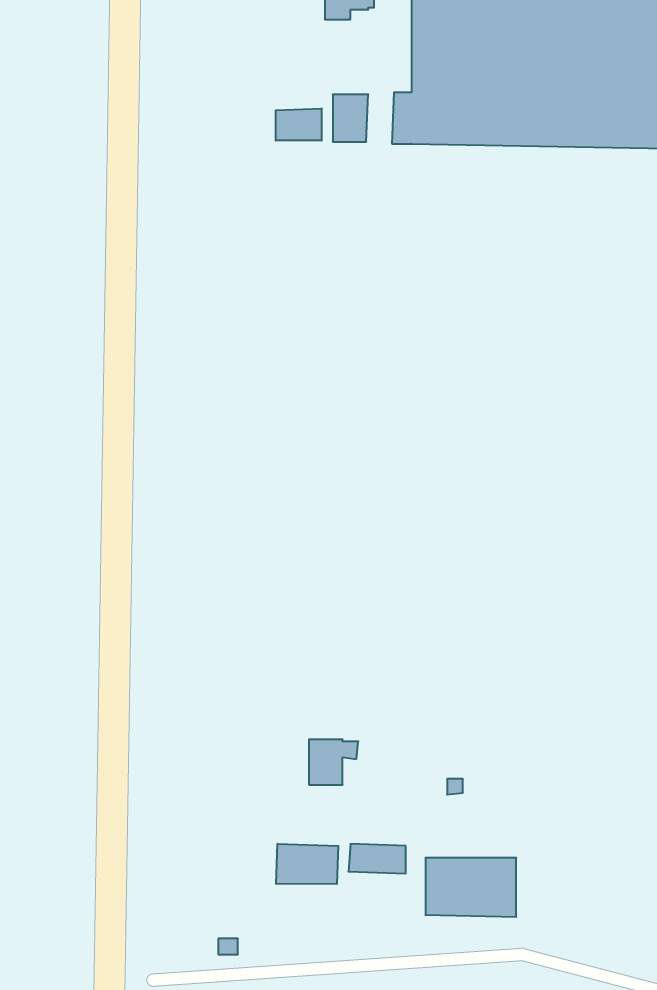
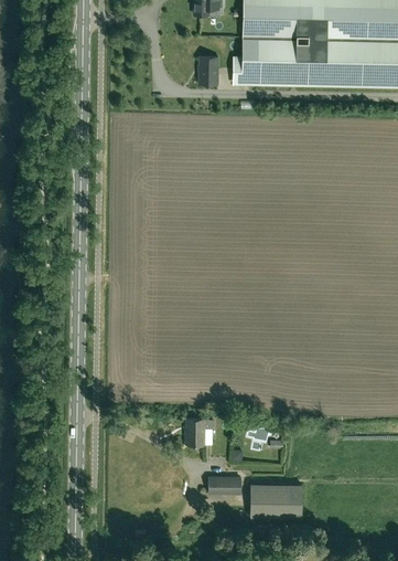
building: [276,108,322,141] -> none
building: [276,844,338,884] -> none

